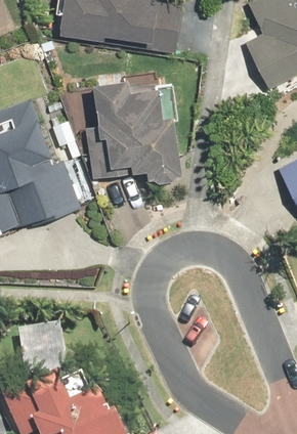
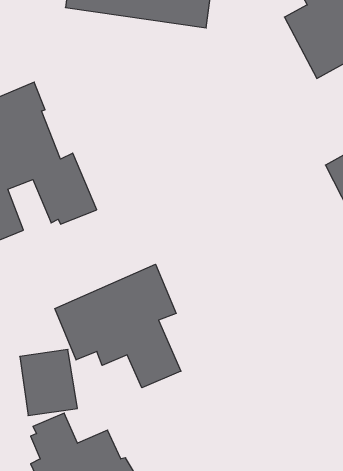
building: [88,79,177,180] -> none
building: none -> [55,264,181,388]

